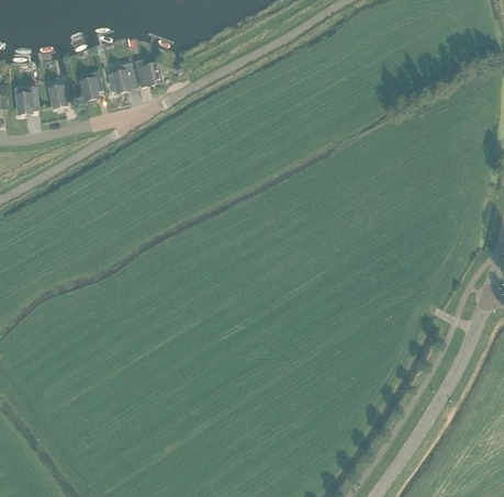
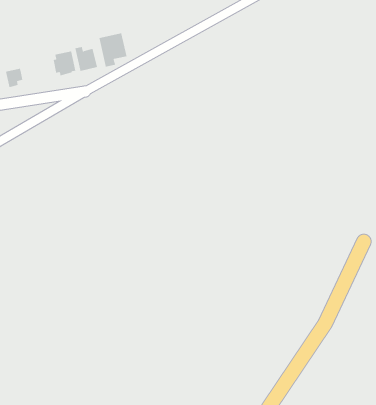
building: none -> [99,33,127,68]
building: [78,69,102,100] -> none

